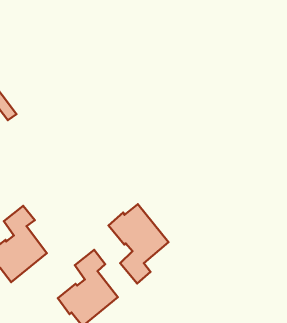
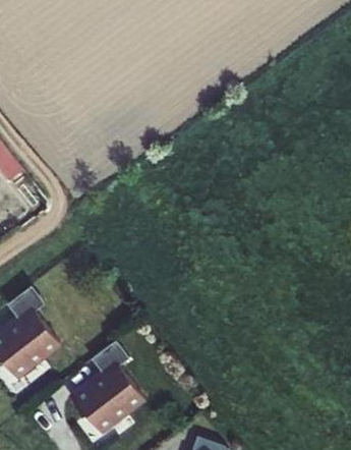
building: [109,204,169,283] -> none

